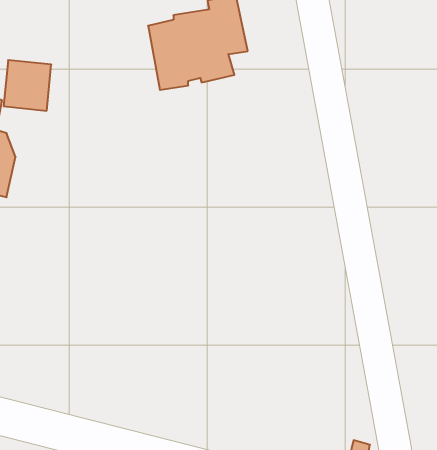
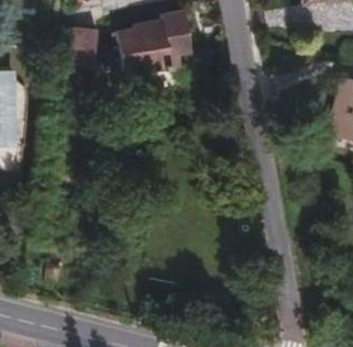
building: none -> [66,26,98,69]

